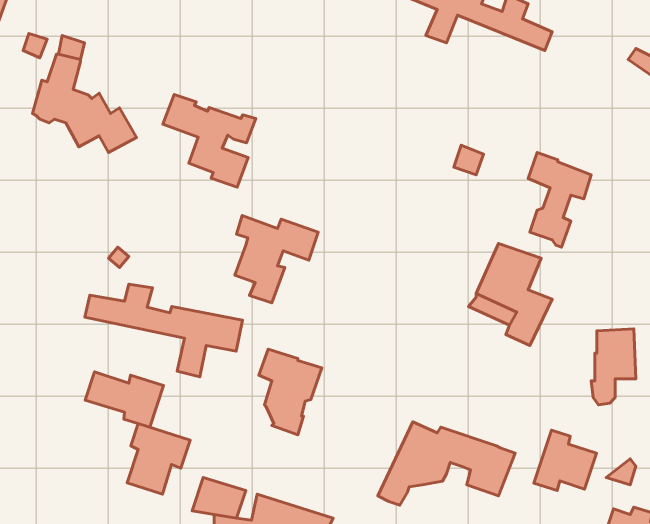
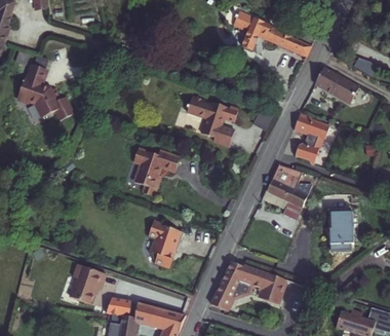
building: none -> [314,69,357,104]
building: [163,94,256,187] -> [187,95,238,146]
building: [85,284,243,377] -> none
building: [85,372,163,427] -> none
building: [534,430,596,491] -> none

